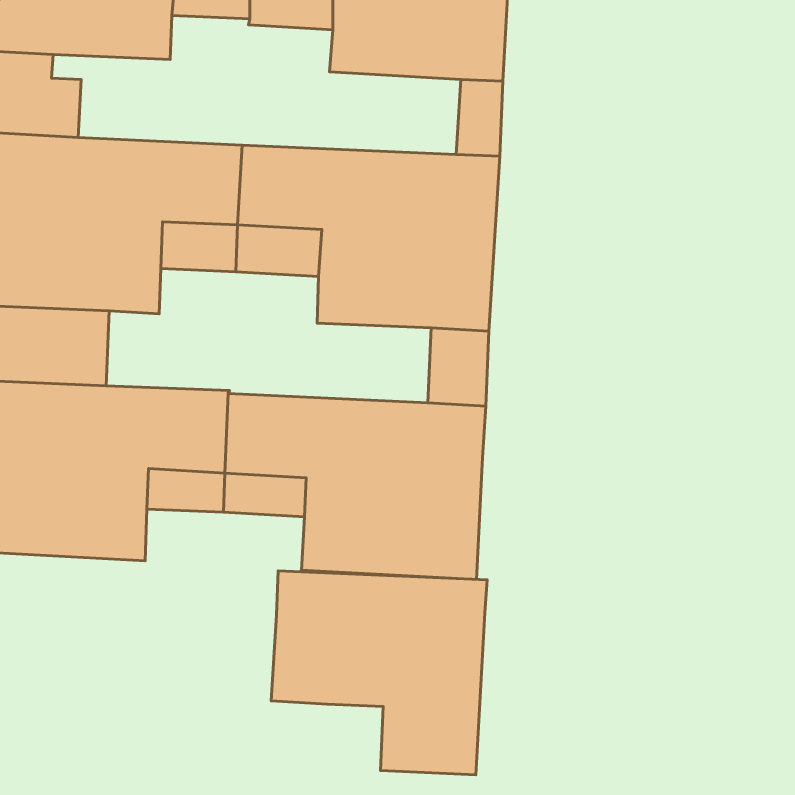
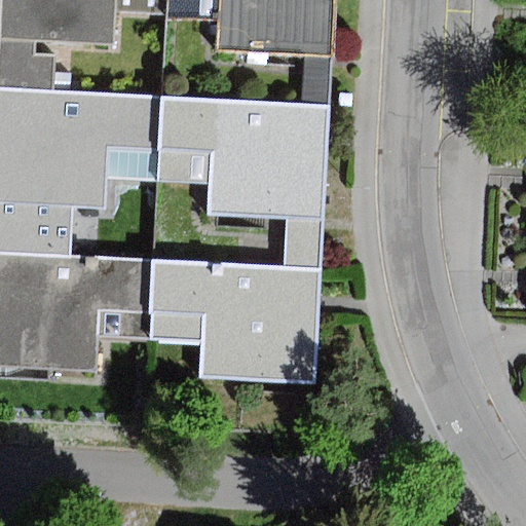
building: [271,571,487,775] -> none

